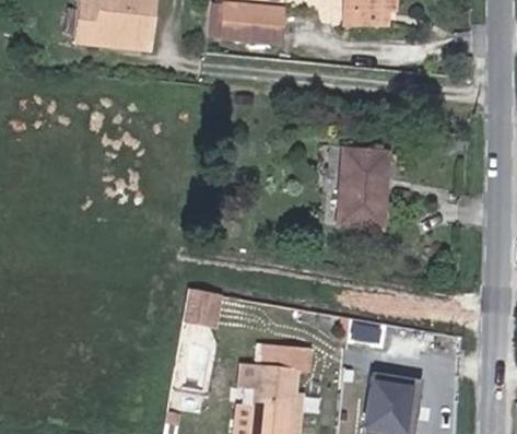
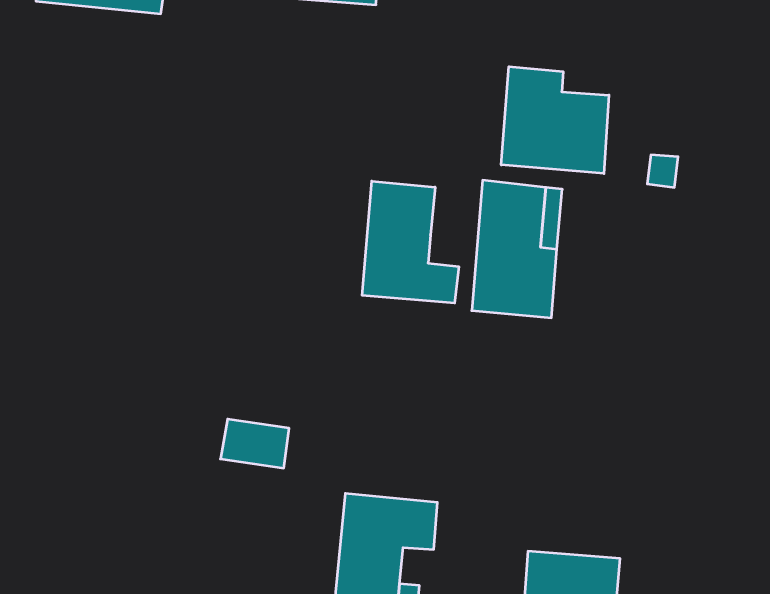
building: none -> [501,67,609,174]
building: none -> [362,181,459,303]

